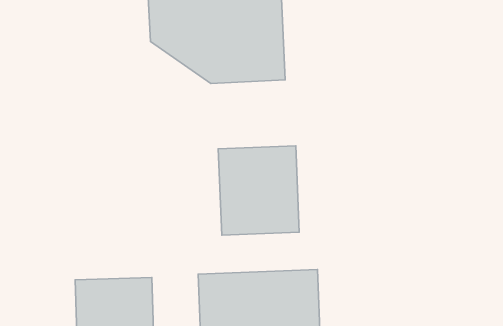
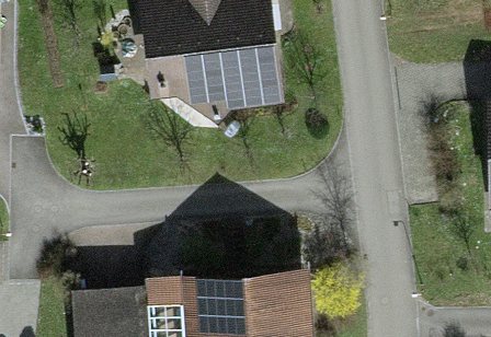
building: [218,146,299,235] -> none

